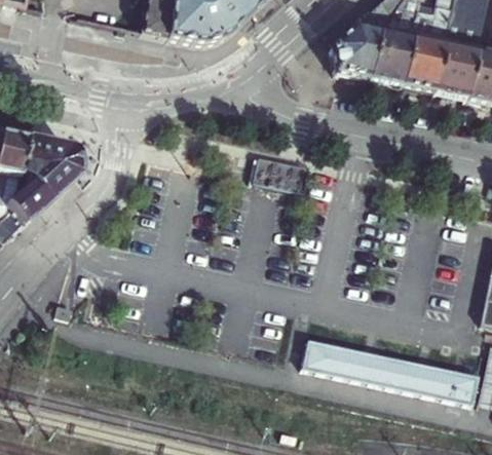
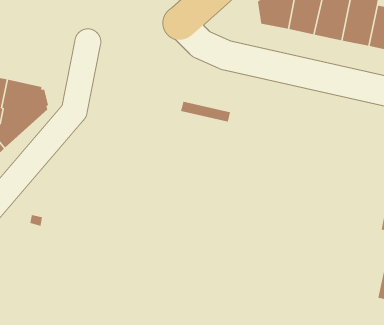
building: [303,336,481,401] -> none

